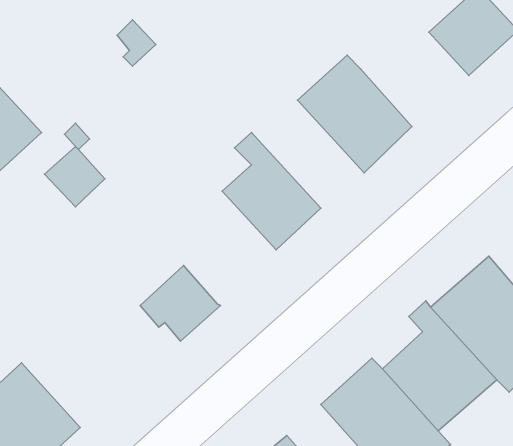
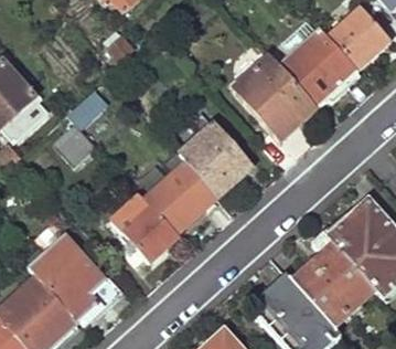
building: none -> [277,29,354,106]
building: none -> [143,150,216,233]
building: none -> [25,232,113,321]

